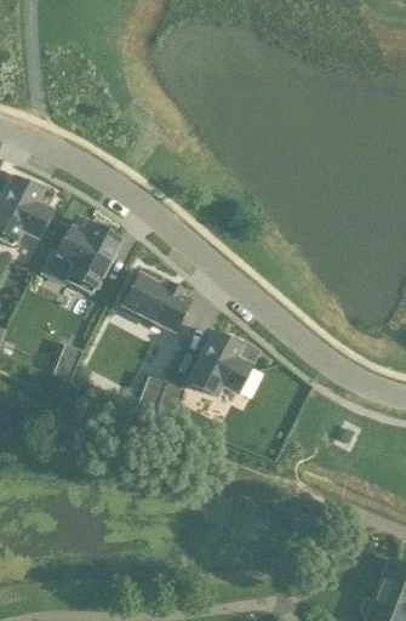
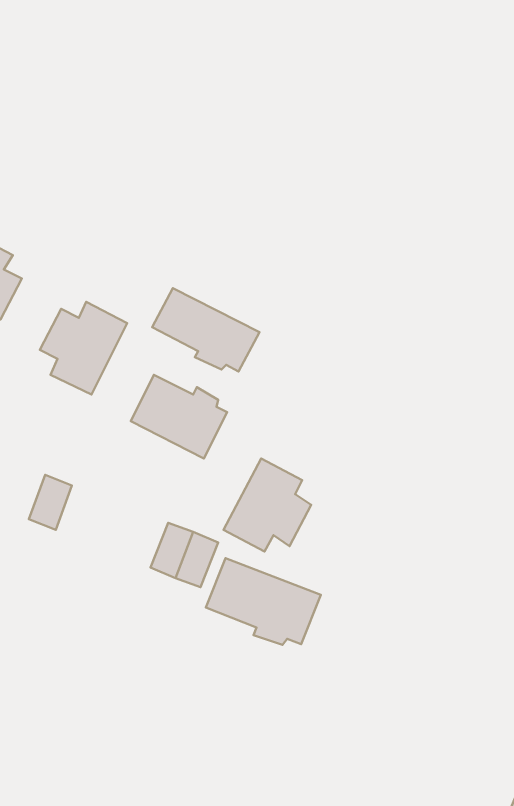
building: none -> [152,288,259,371]
building: none -> [206,558,321,645]

